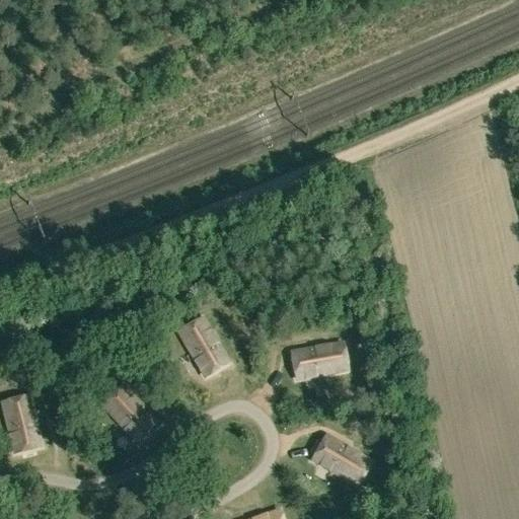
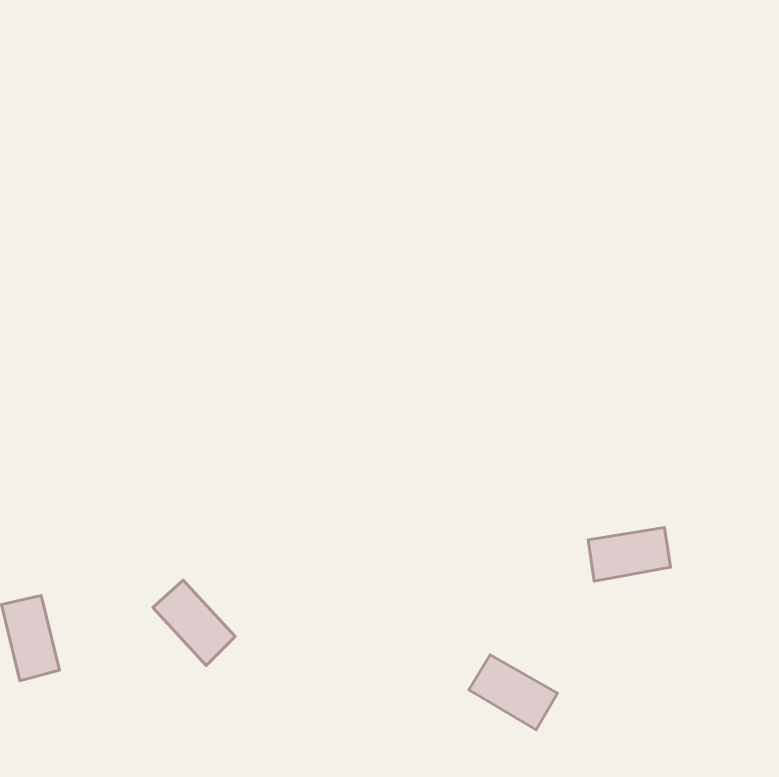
building: [177,317,227,375] -> none
building: [291,343,346,378] -> [588,528,671,581]

